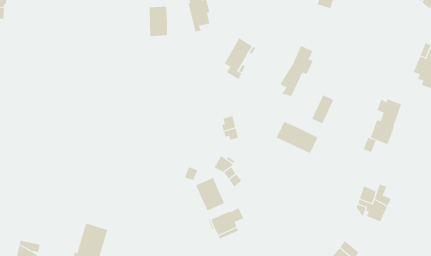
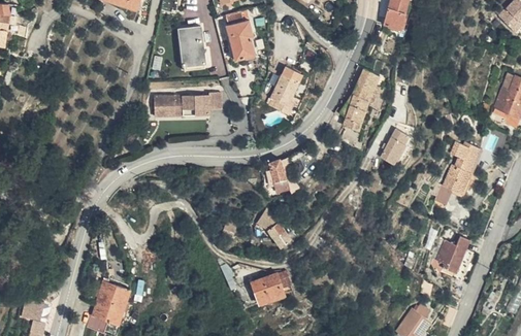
building: none -> [155,93,222,116]
building: [276,121,318,154] -> none
building: [196,177,225,211] -> none

